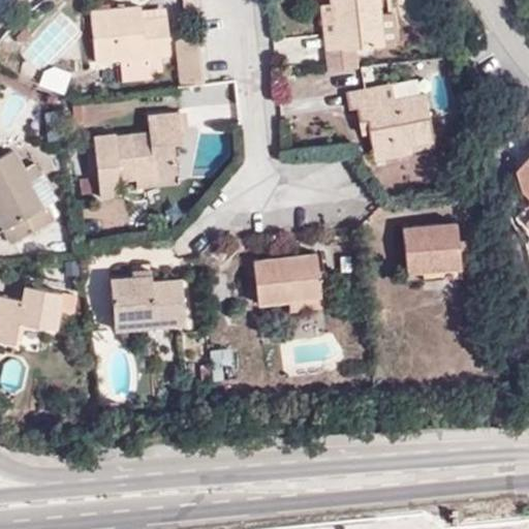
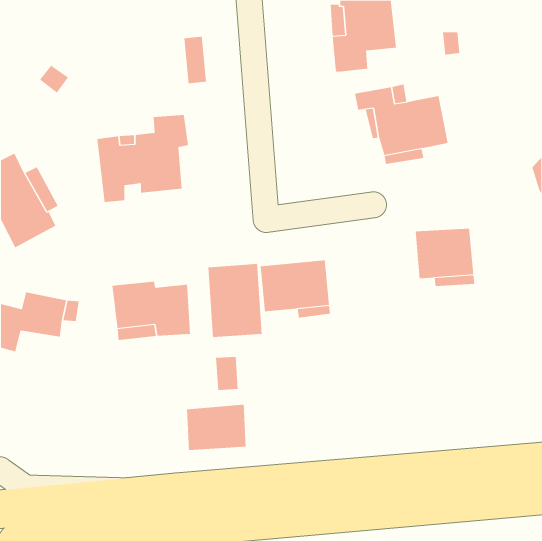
building: [91,7,170,83] -> none
building: none -> [208,263,262,338]
building: none -> [186,404,246,451]

